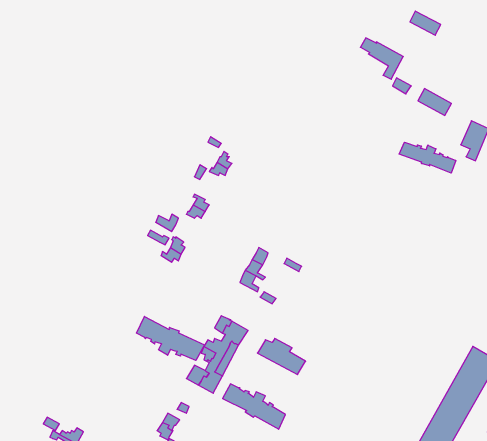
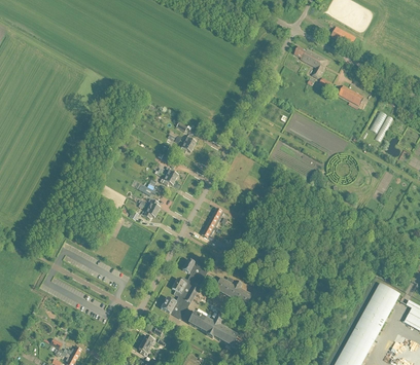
building: [399,142,456,173] -> none
building: [136,316,205,360] -> none

